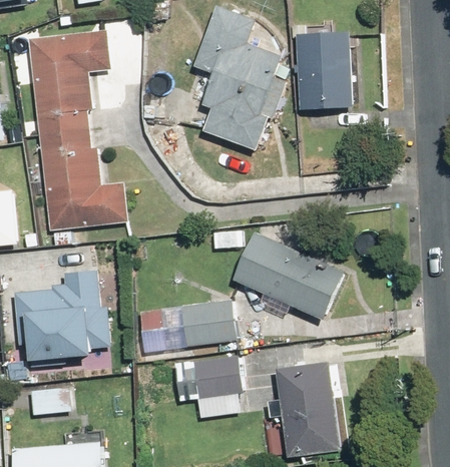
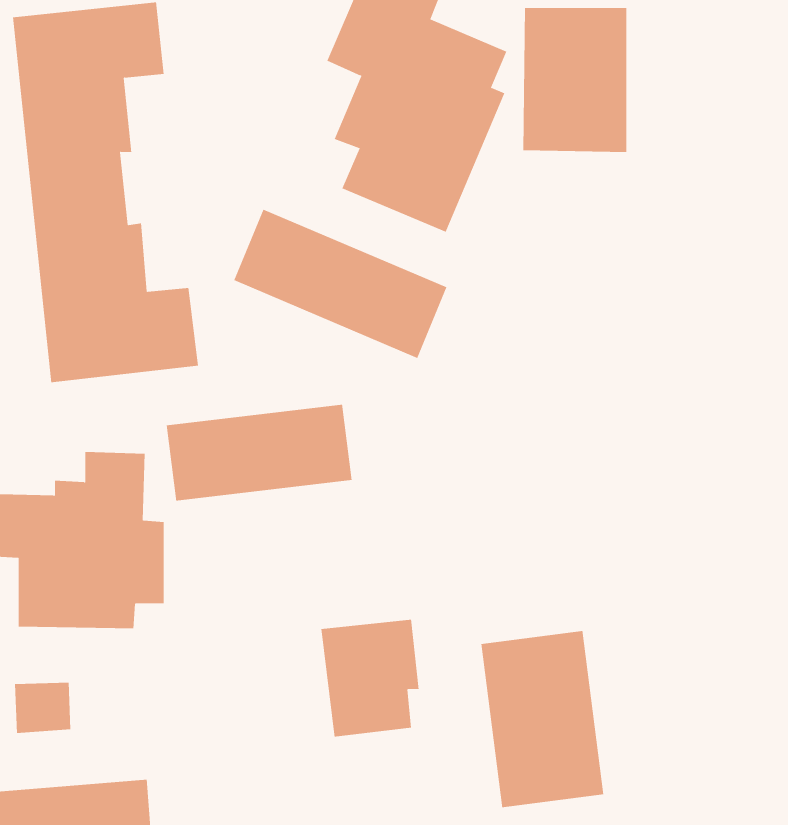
building: none -> [233,209,447,359]
building: [232,230,344,320] -> none
building: [136,300,235,351] -> [166,404,352,501]

